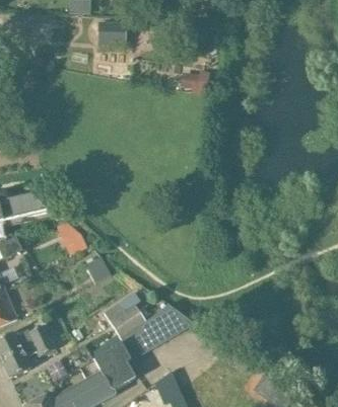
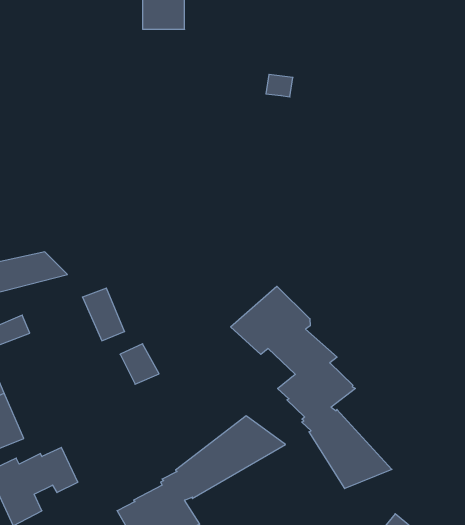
building: none -> [231,286,392,489]
building: [104,293,146,337] -> none

